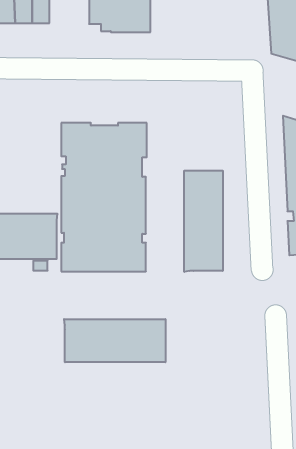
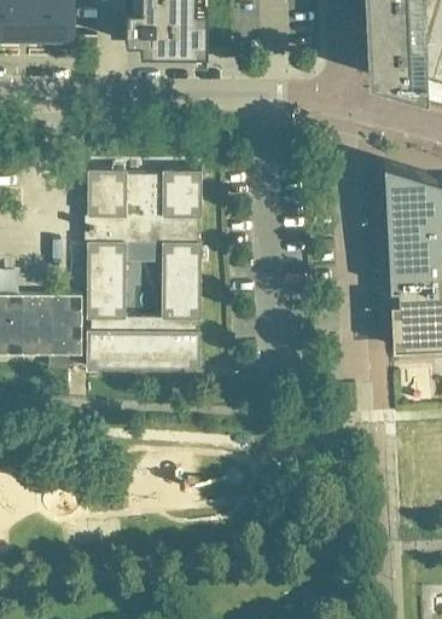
building: [184,171,223,272] -> none
building: [64,319,165,362] -> none

